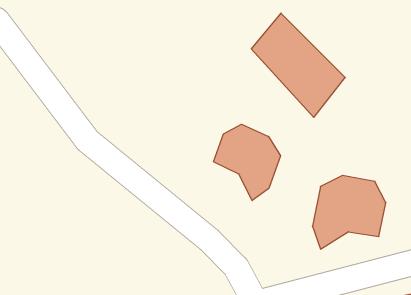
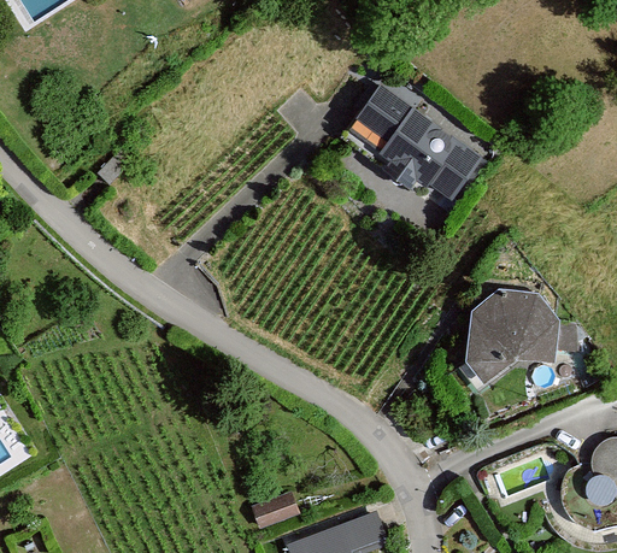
building: [214,124,281,201] -> none

